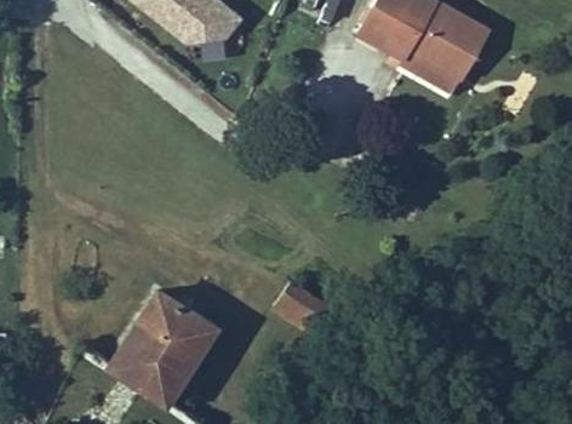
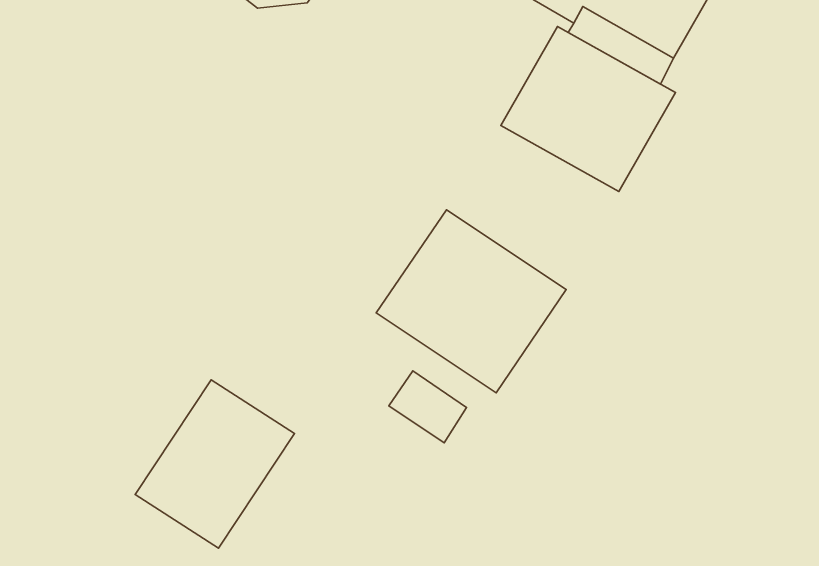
building: none -> [501,27,675,191]
building: none -> [376,210,566,393]

